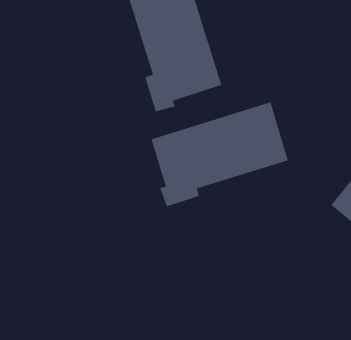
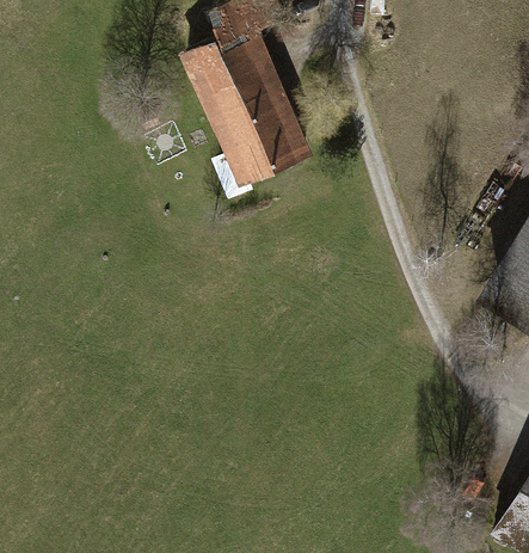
building: [151,102,289,207] -> none

